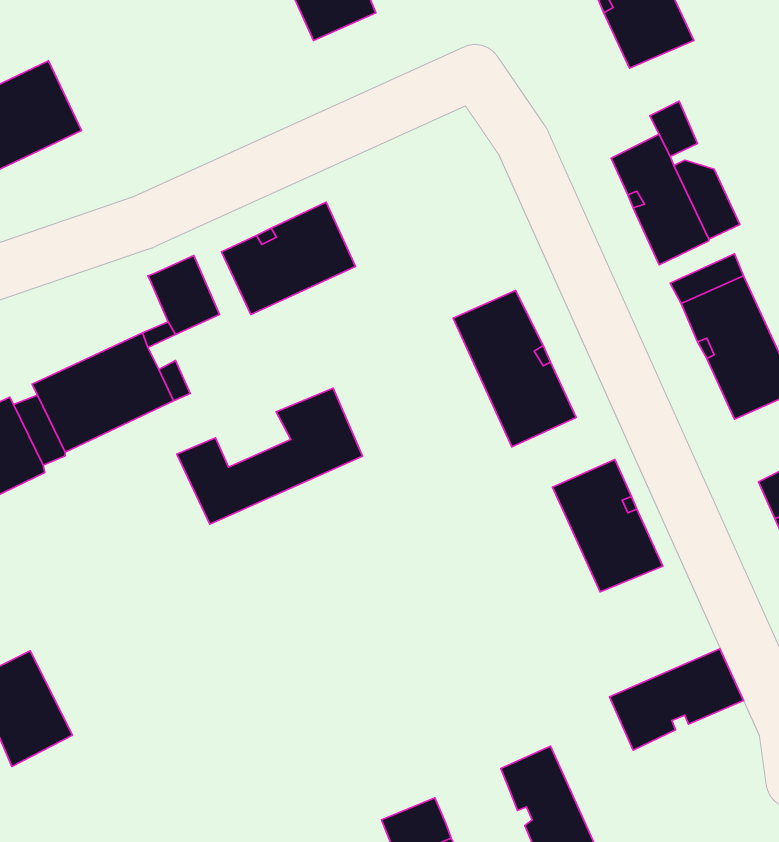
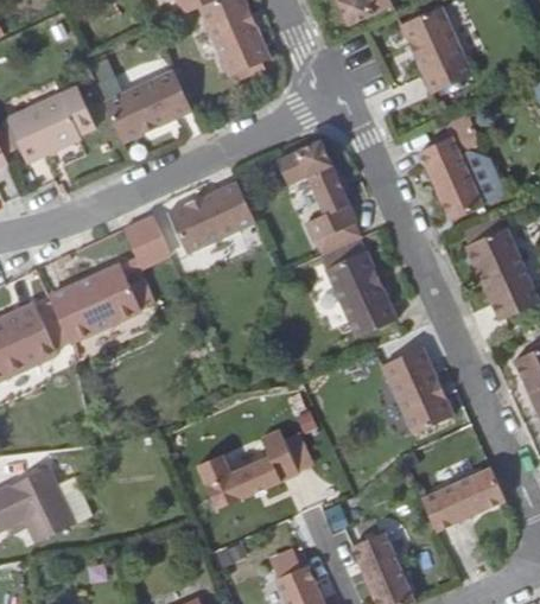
building: none -> [103,70,191,142]
building: none -> [278,140,358,242]
building: [177,388,363,524] -> [193,422,313,510]

